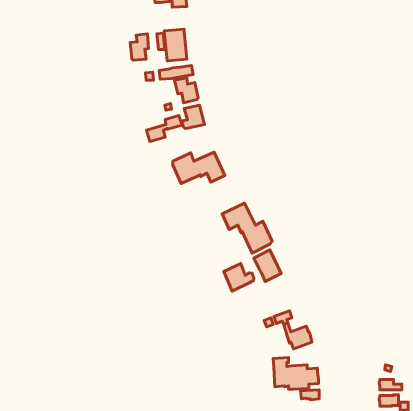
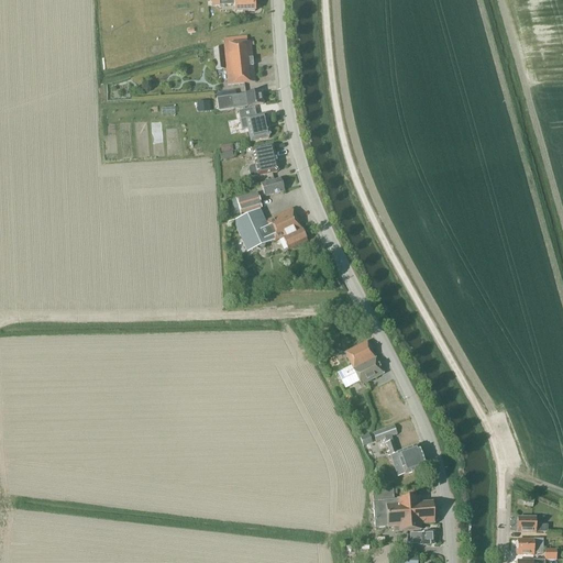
building: [130,34,149,60] -> none
building: [147,115,182,141] -> [235,176,284,211]
building: [222,203,272,253] -> none
building: [224,263,254,291] -> none

